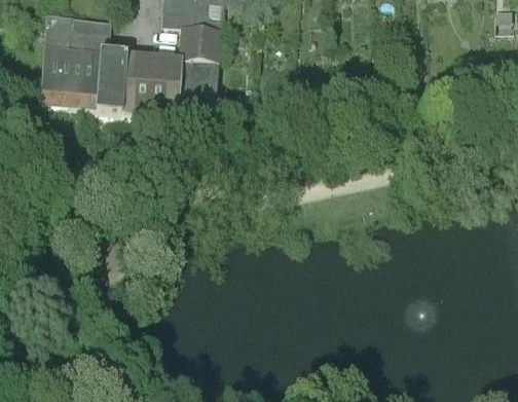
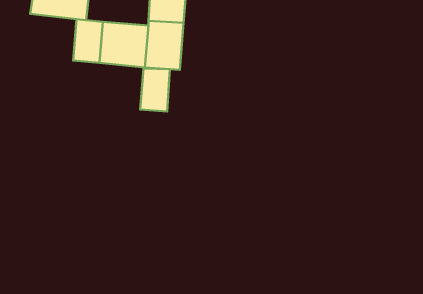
building: [34,52,95,107] -> none
building: none -> [140,68,170,112]

